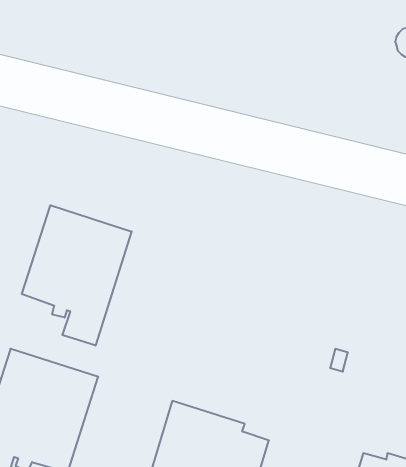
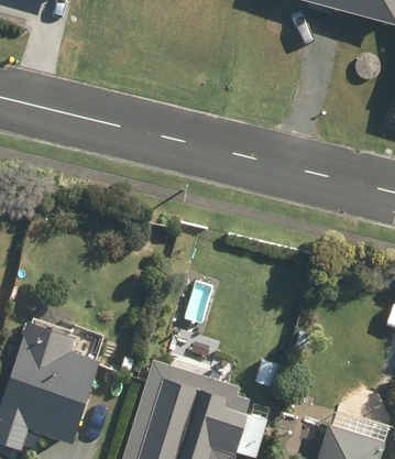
building: [22,205,132,346] -> none

